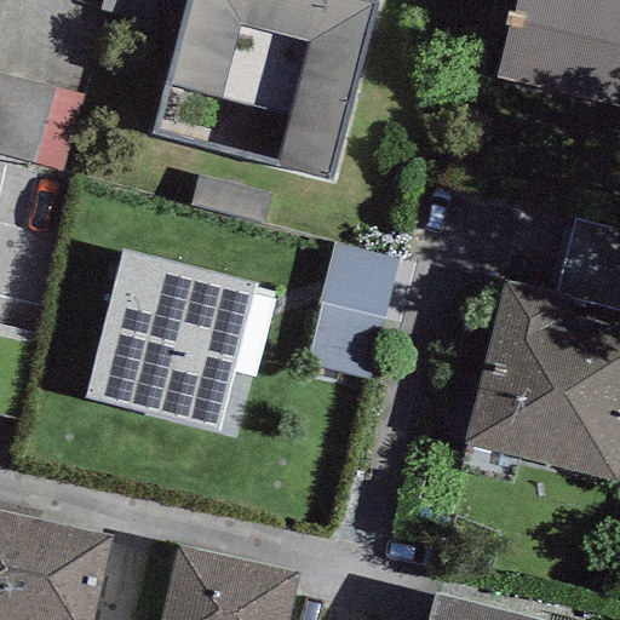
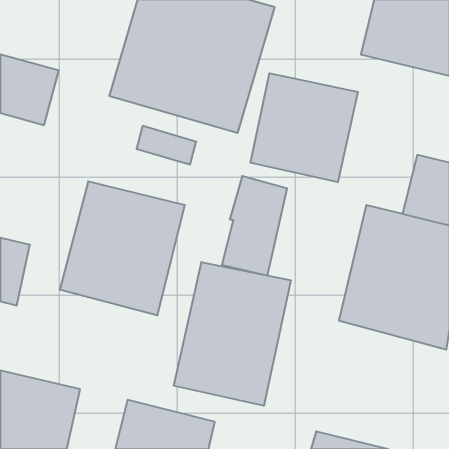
building: none -> [251,73,358,182]
building: none -> [174,262,291,406]

